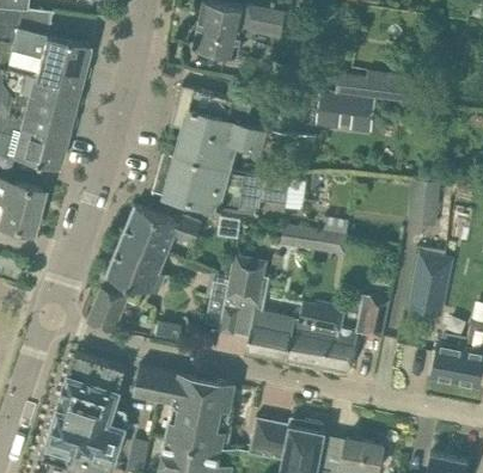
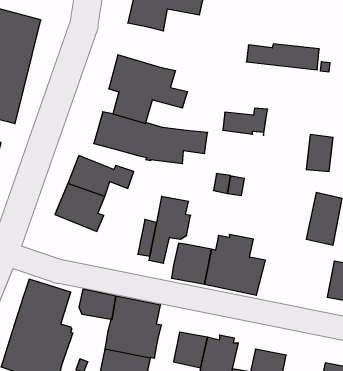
building: [317,99,371,131] -> [223,108,268,135]
building: [87,290,128,334] -> none
building: [362,297,390,338] -> none

